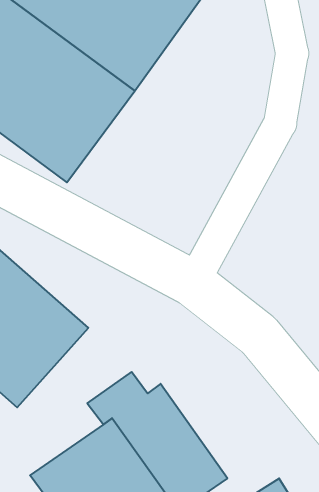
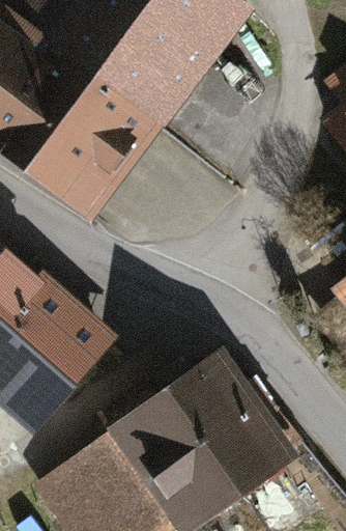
building: none -> [175,369,286,493]

